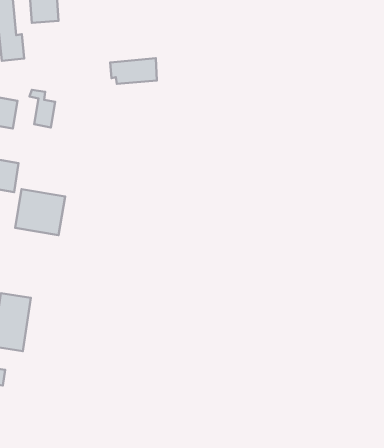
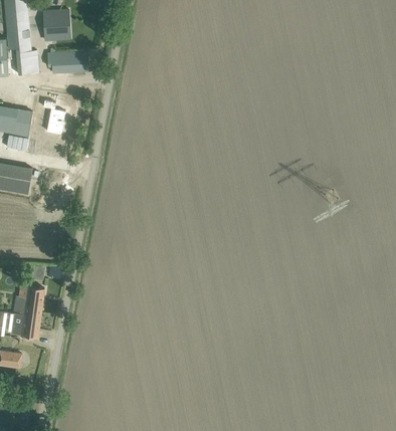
building: [110,58,157,84] -> [46,51,88,74]
building: [15,189,65,235] -> none

